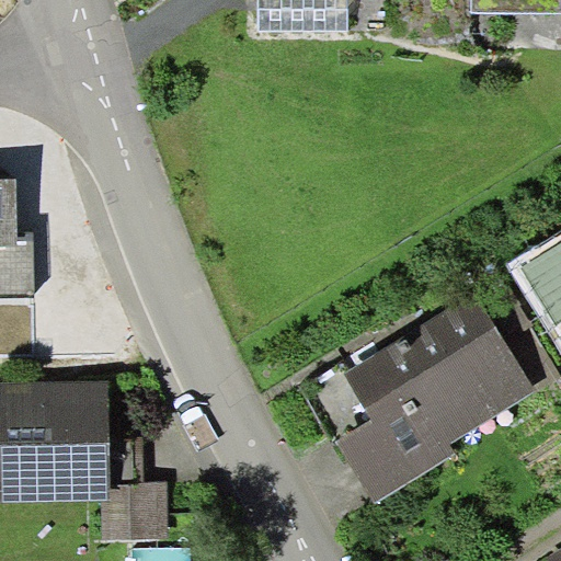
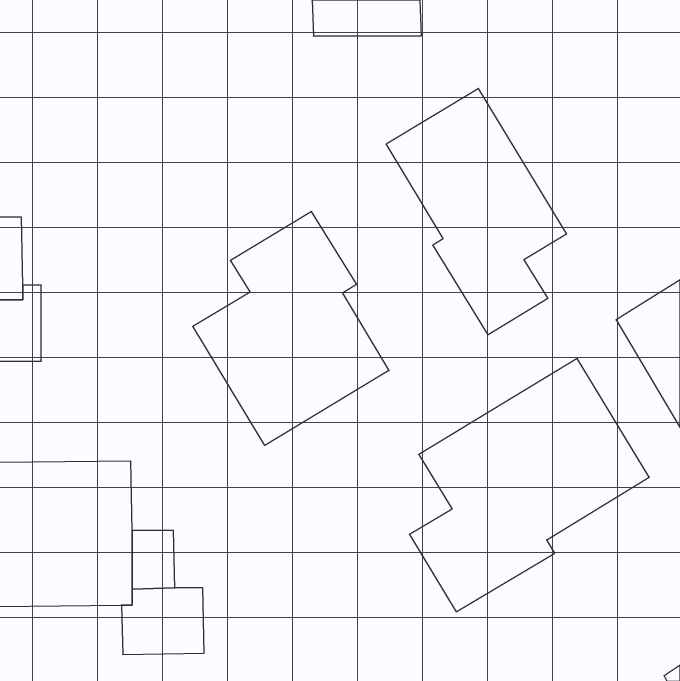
building: none -> [386,88,566,335]
building: none -> [193,211,389,445]

